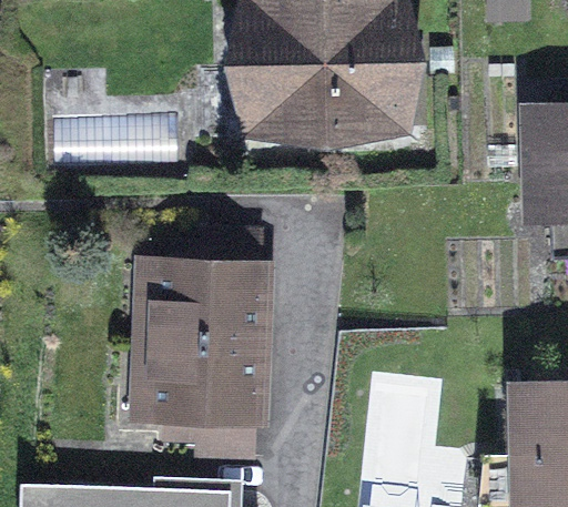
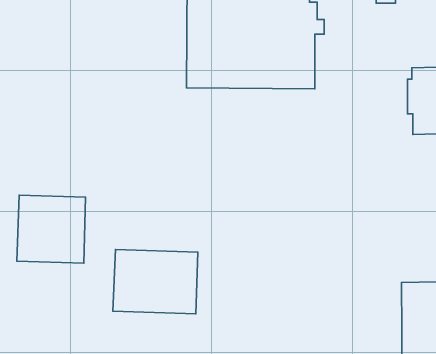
building: [155,263,264,344] -> none
building: none -> [17,195,85,263]

